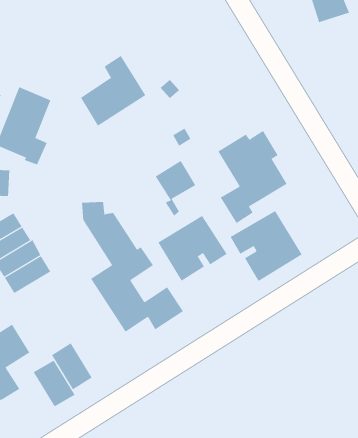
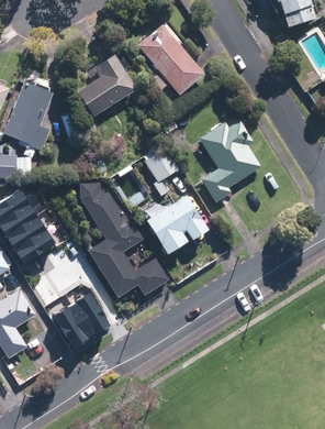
building: none -> [137,23,204,95]
building: [230,210,303,282] -> none
building: [33,360,75,407] -> [70,295,108,337]

